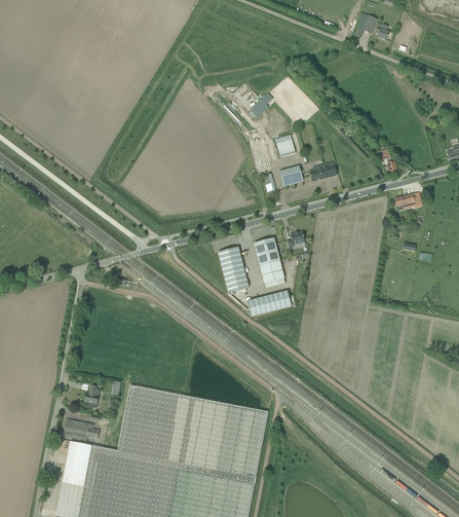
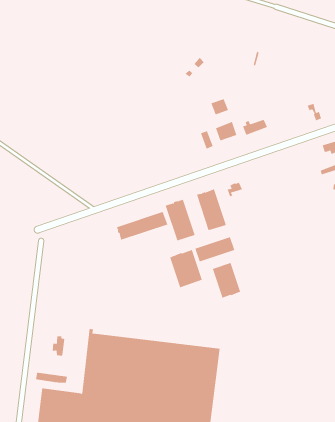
building: none -> [116,211,168,241]
building: none -> [169,249,203,288]
building: none -> [212,262,241,298]

